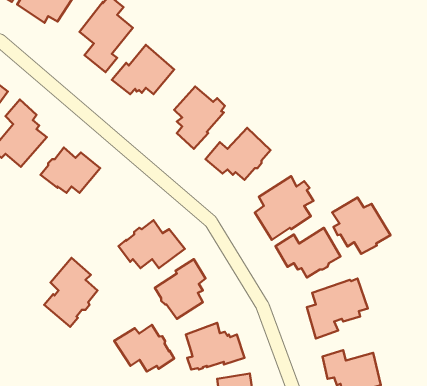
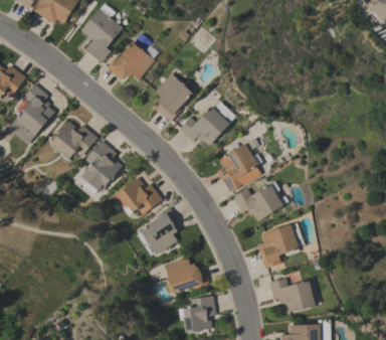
building: [332,198,390,254] -> none
building: [44,258,97,327] -> [80,140,122,193]
building: [114,325,174,371] -> none

